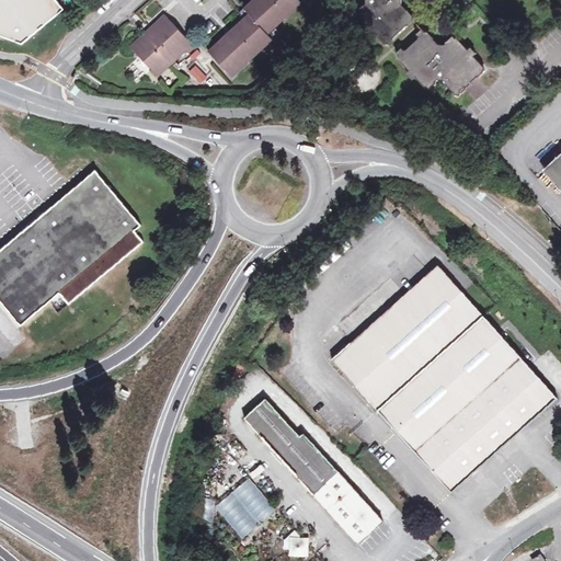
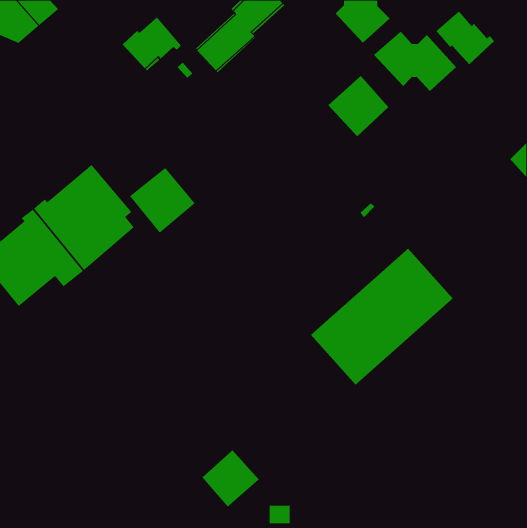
building: none -> [435,11,495,65]
building: none -> [327,75,389,137]
building: none -> [129,167,196,233]
building: [377,317,552,489] -> none
building: [243,391,382,538] -> none

